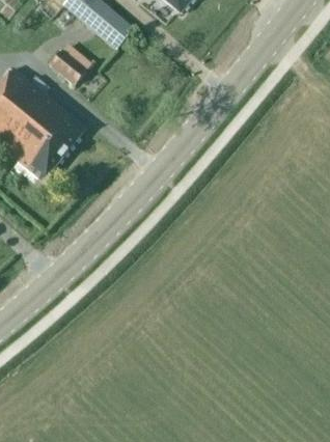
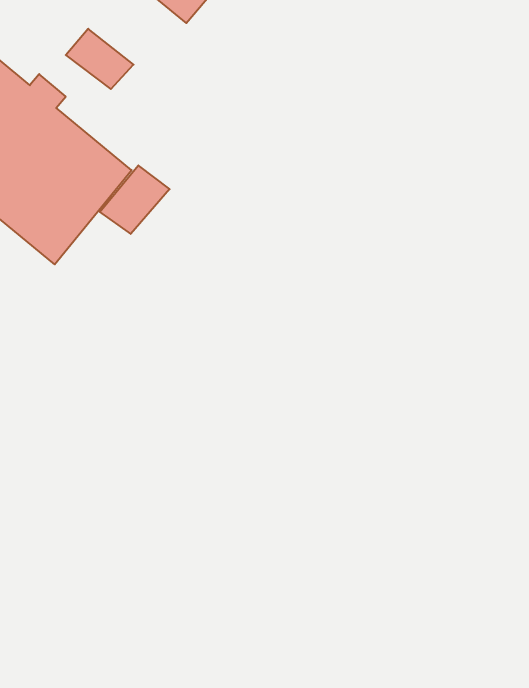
building: none -> [100,165,170,234]

